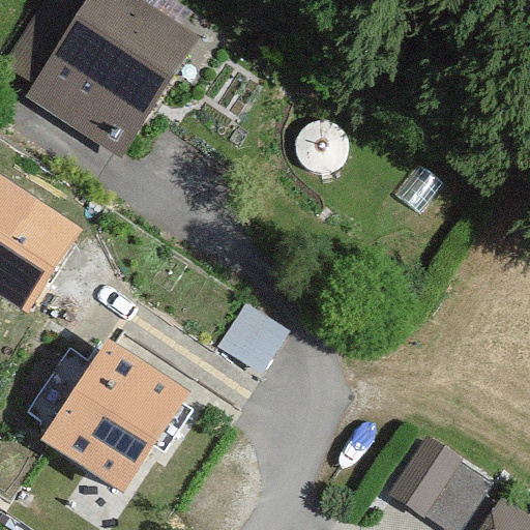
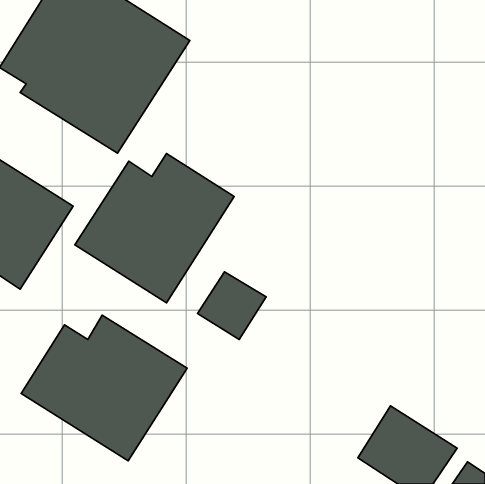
building: none -> [75,154,234,303]

